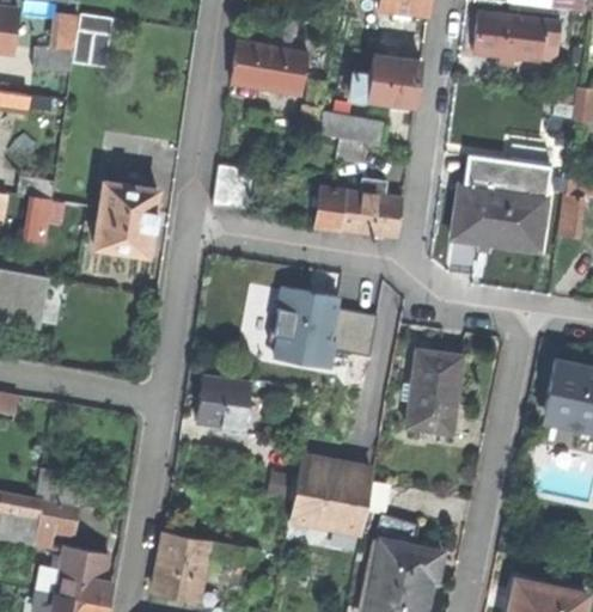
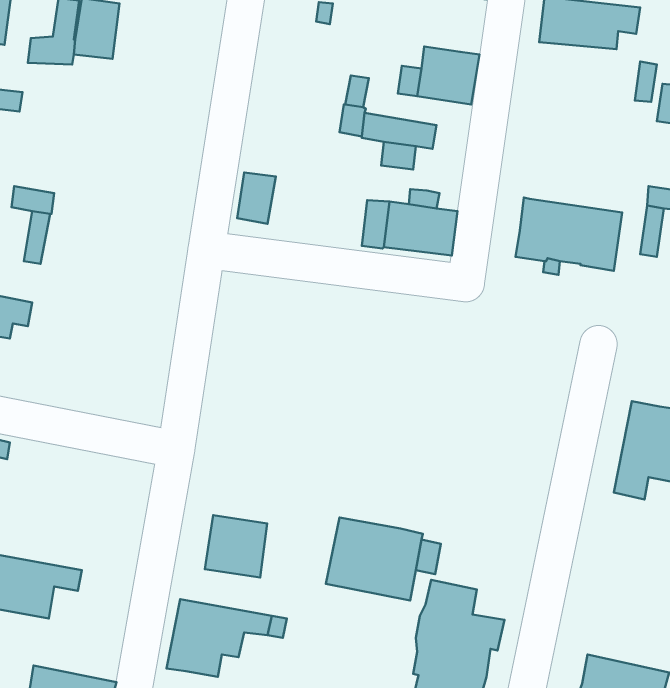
building: [231,41,307,94] -> none
building: [465,155,550,198] -> none
building: [93,182,157,255] -> none
building: [269,287,378,367] -> none
building: [405,349,461,432] -> none
building: [196,374,250,428] -> [205,515,267,577]
building: [37,546,112,604] -> none

